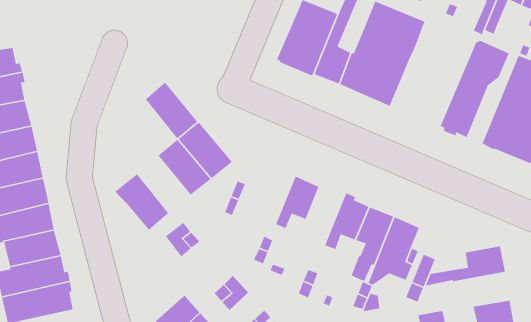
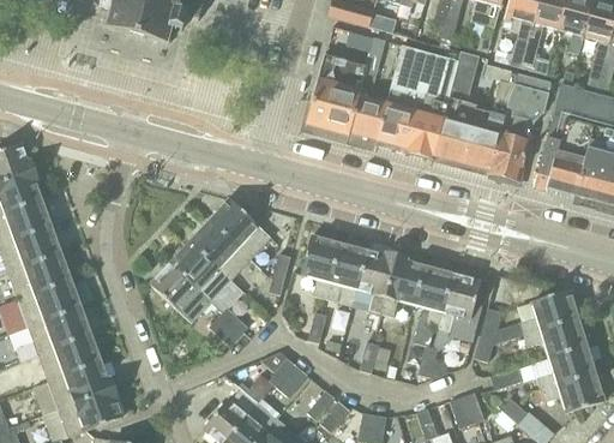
building: none -> [433,50,516,170]
building: [145,82,198,139] -> [171,240,231,300]
building: none -> [302,235,341,298]
building: none -> [353,251,397,313]
building: none -> [523,317,588,358]

